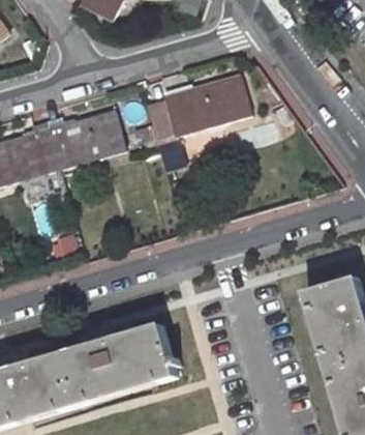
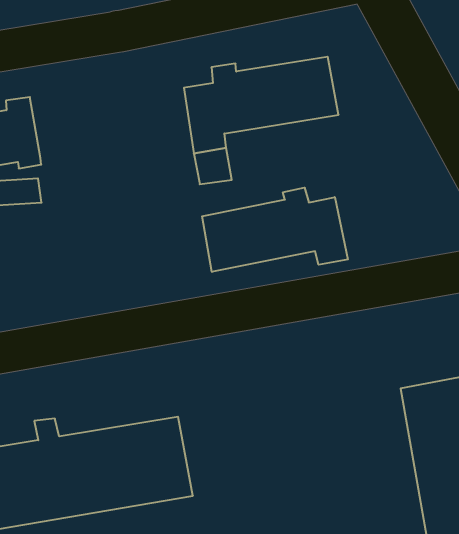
building: [47,111,123,167] -> none
building: none -> [202,188,348,272]

